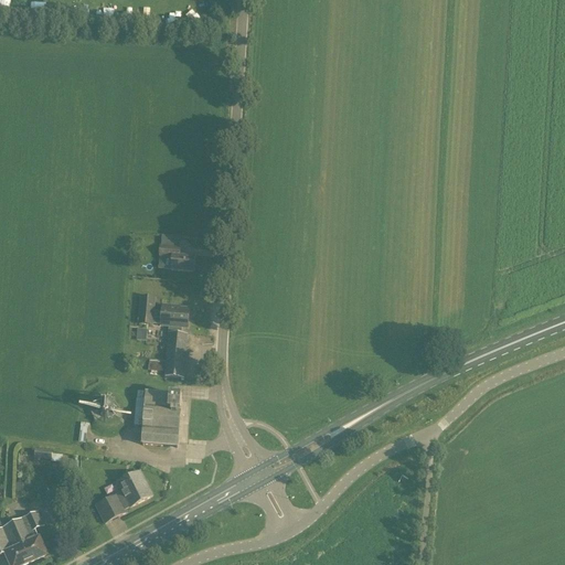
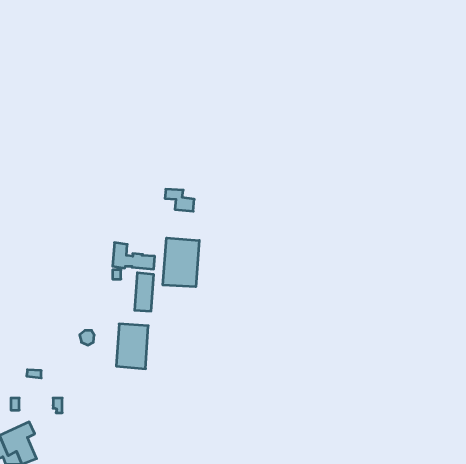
building: [157,243,192,269] -> [165,189,194,211]
building: none -> [163,238,199,287]
building: [93,469,151,522] -> none

